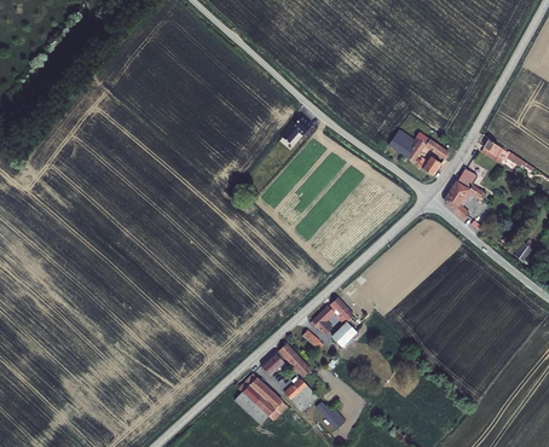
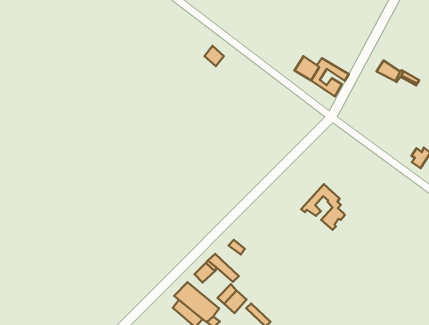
building: [444,167,481,219] -> none
building: [311,298,359,350] -> [301,184,345,230]

